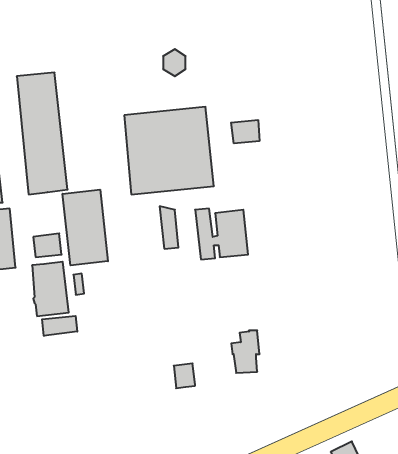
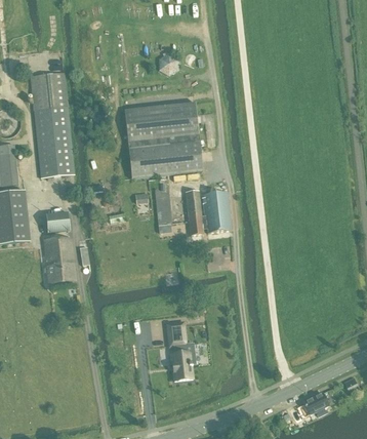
building: [231,120,259,143] -> none
building: [63,190,108,265] -> none
building: [42,316,77,336] -> none
building: [231,330,260,373] -> [169,343,194,380]

